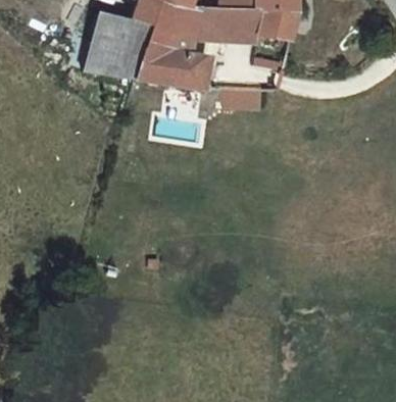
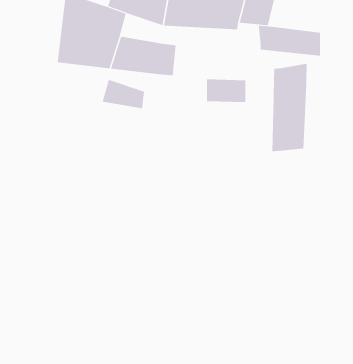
building: [148,24,191,54] -> [102,79,145,109]
building: none -> [258,25,321,57]
building: none -> [272,63,307,152]

